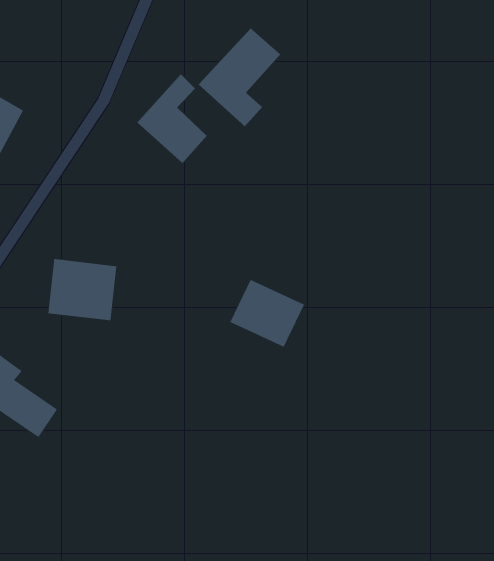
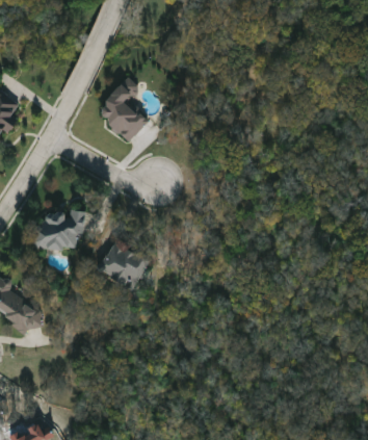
building: [198,27,281,127] -> none
building: [229,279,305,347] -> [98,239,151,287]

